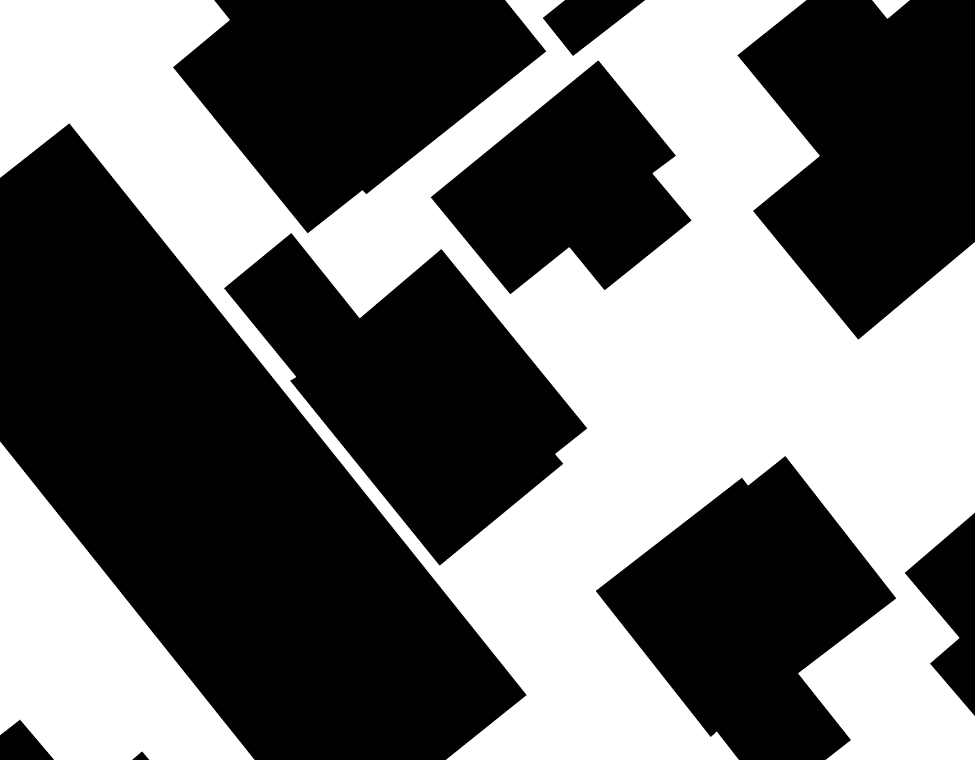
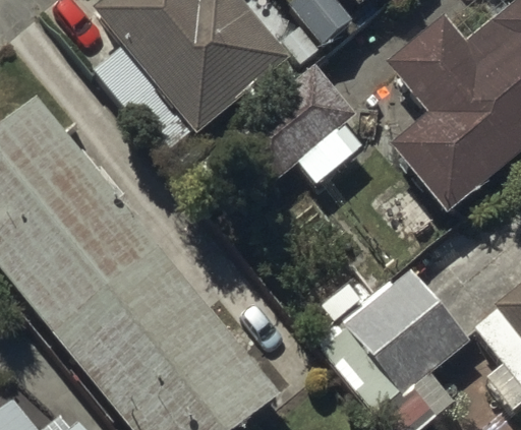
building: [223,232,589,567] -> none

